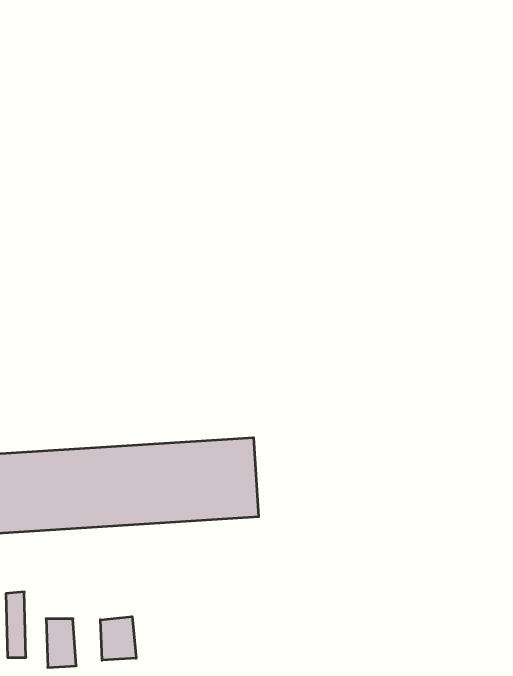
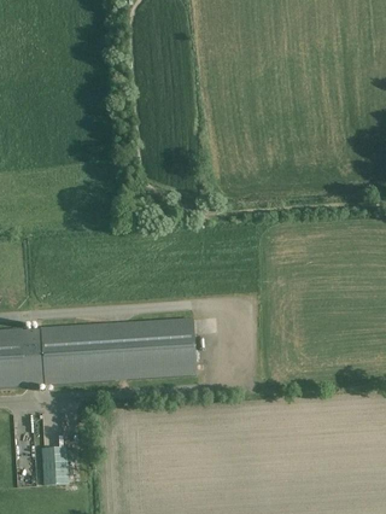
building: [100,617,136,660] -> none

